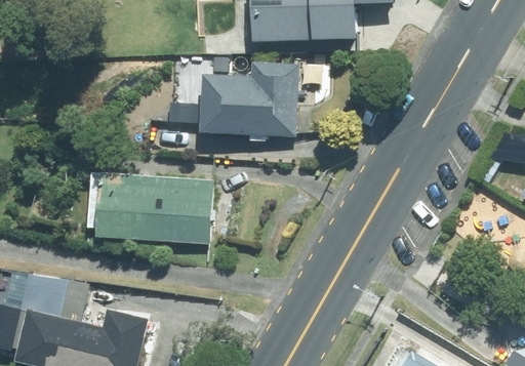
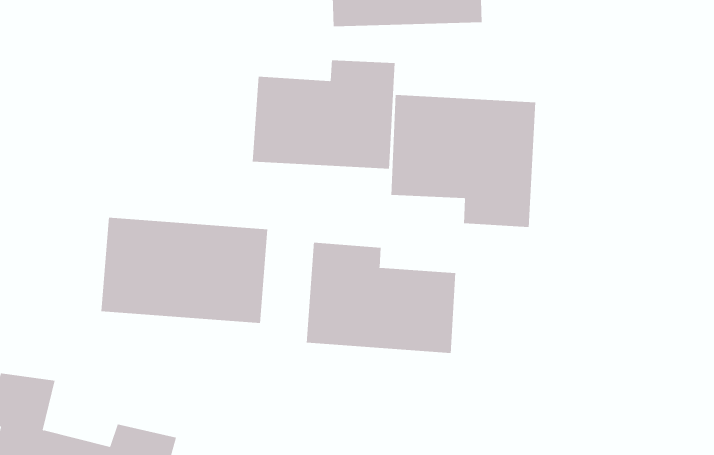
building: none -> [391,94,536,228]
building: none -> [306,242,456,354]

